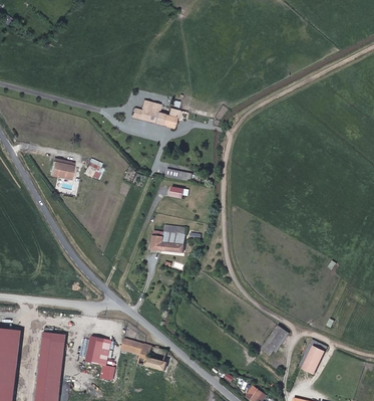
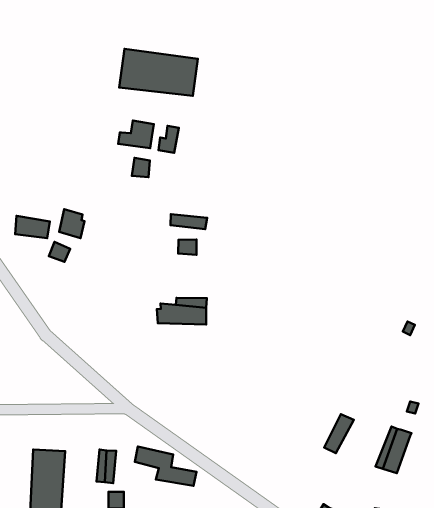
building: none -> [119,49,198,96]

